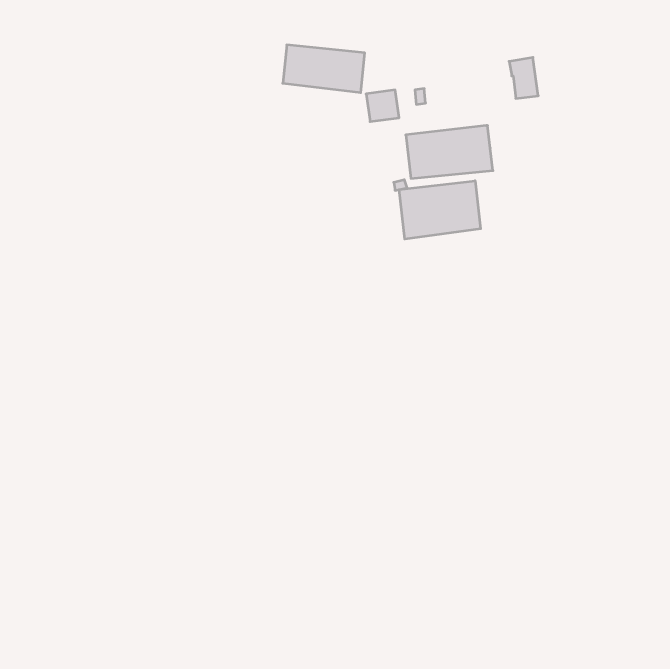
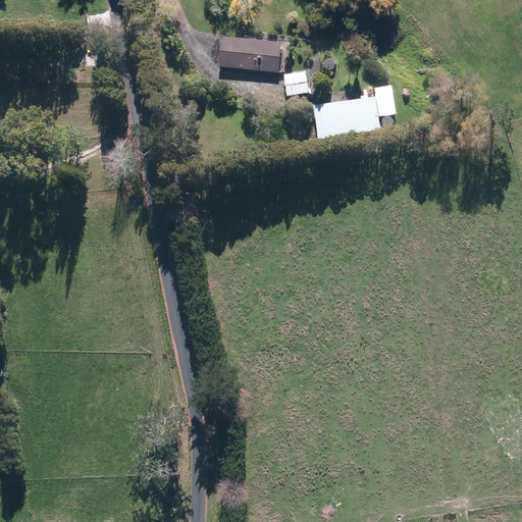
building: [509,57,538,98] -> [373,83,396,114]
building: [399,181,481,239] -> none

